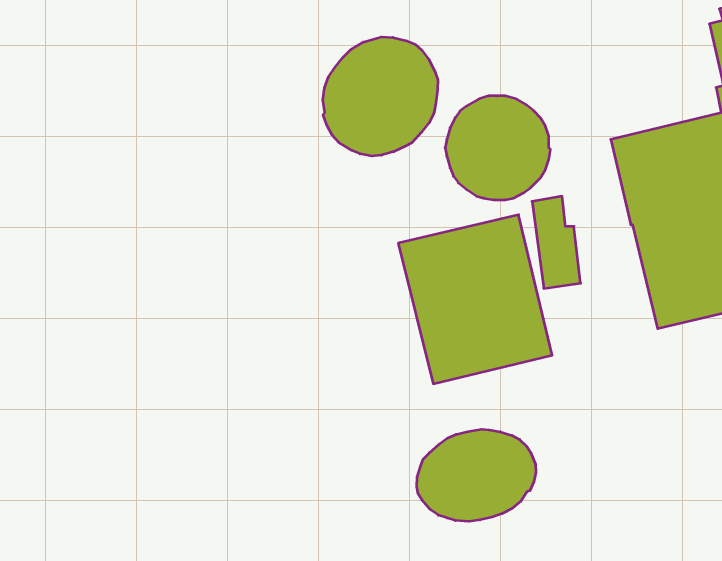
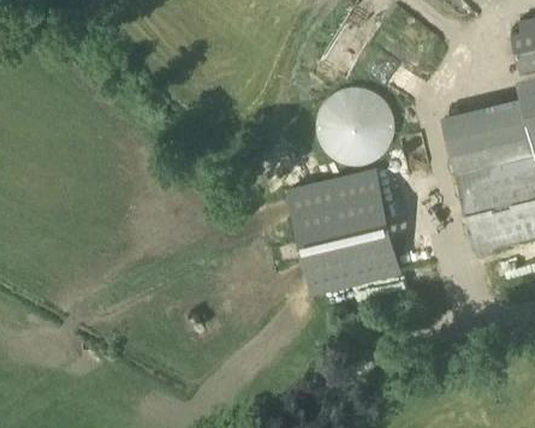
building: [323,37,438,156] -> none
building: [417,429,536,521] -> none

